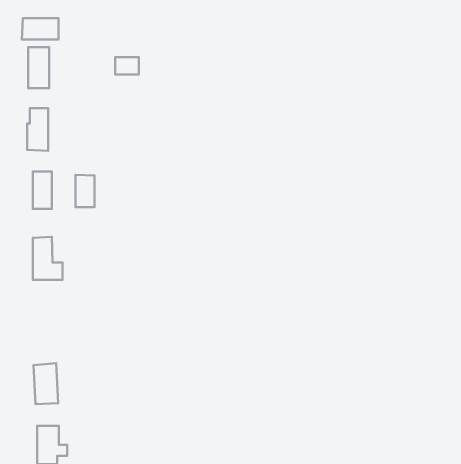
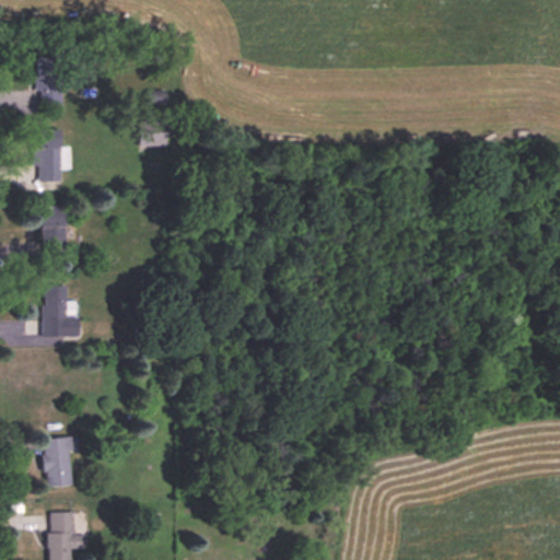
building: [22,18,59,40] -> none
building: [115,57,139,74] -> [140,126,168,147]
building: [76,175,95,207] -> none

